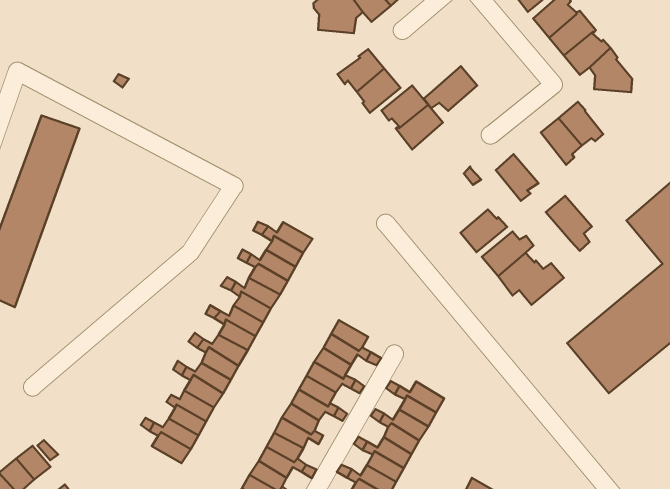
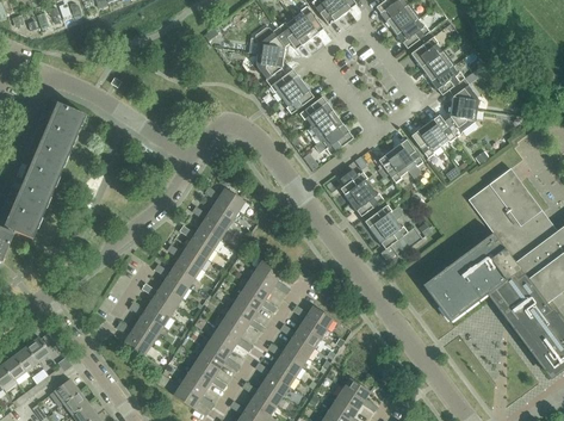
building: none -> [255,54,286,86]
building: [424,66,477,111] -> [315,124,353,155]
building: none -> [444,106,477,138]
building: none -> [340,169,378,203]
building: [546,196,592,251] -> [391,138,423,178]

